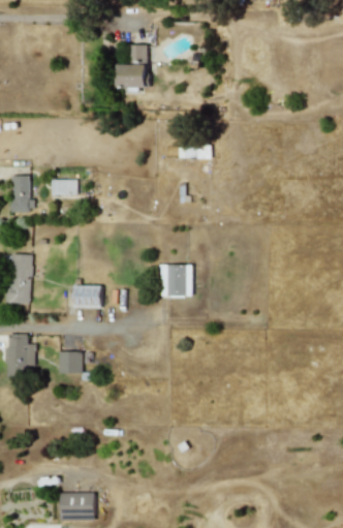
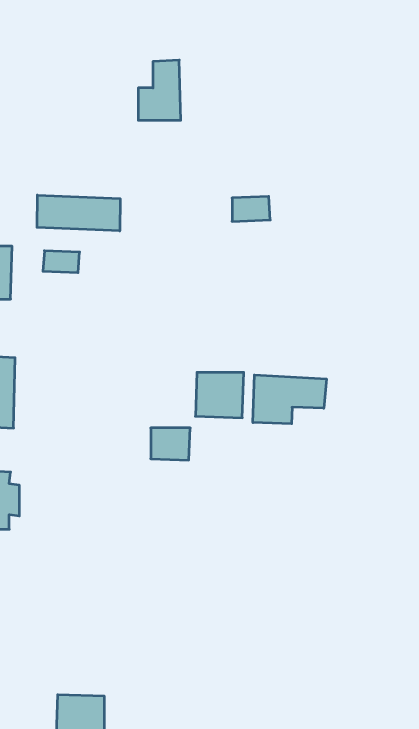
building: none -> [37,195,120,231]
building: none -> [253,375,326,424]
building: [73,285,101,308] -> [151,428,190,460]
building: [58,351,82,373] -> none

